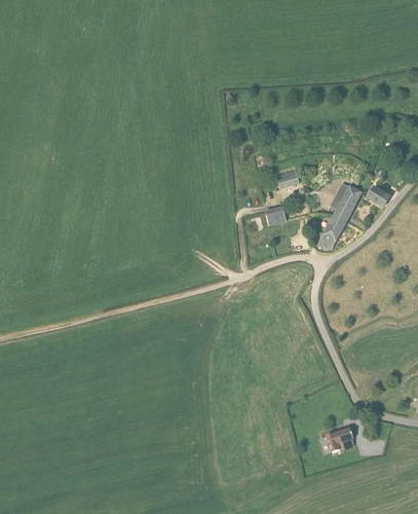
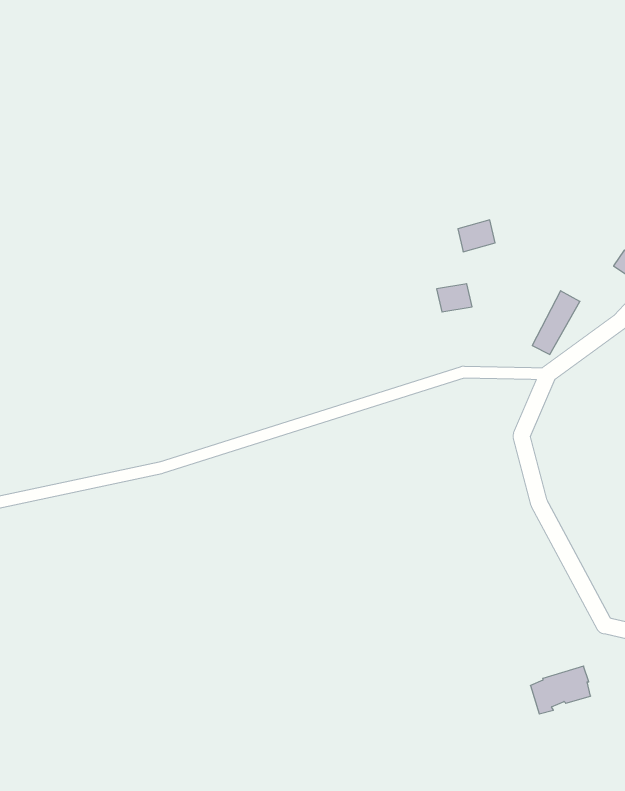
building: [331,183,360,217] -> none

